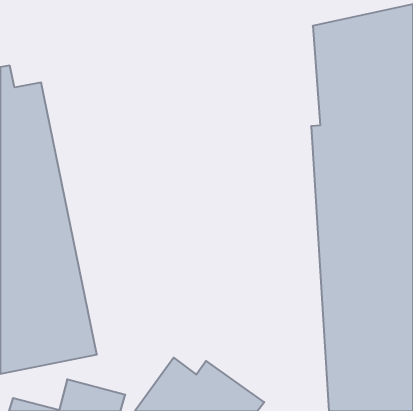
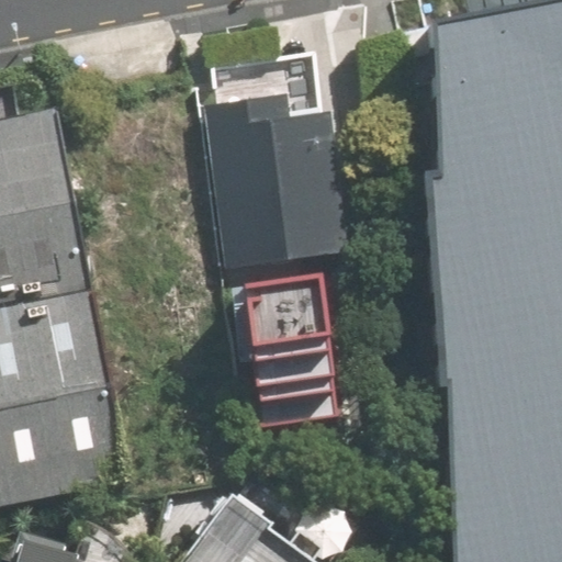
building: none -> [201,54,351,271]
building: none -> [245,284,331,404]

